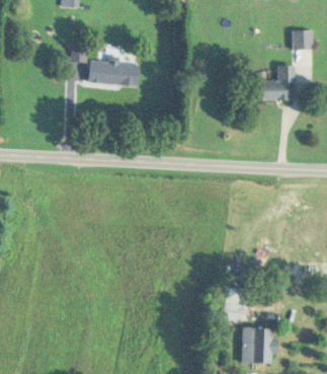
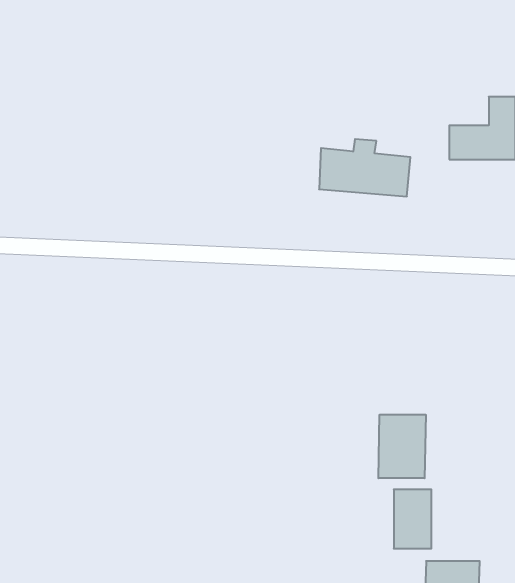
building: [88,55,140,87] -> [319,139,410,196]
building: none -> [378,415,426,478]

